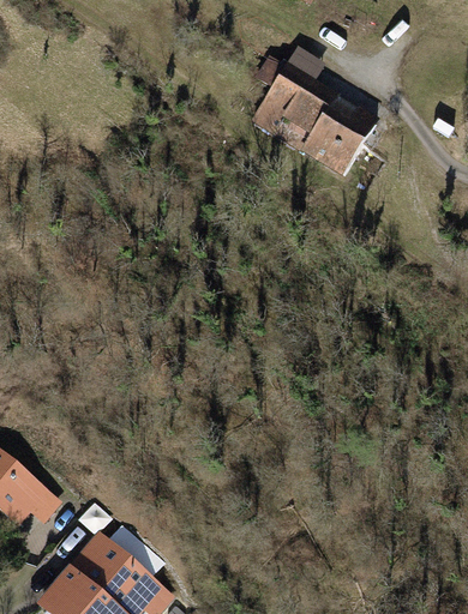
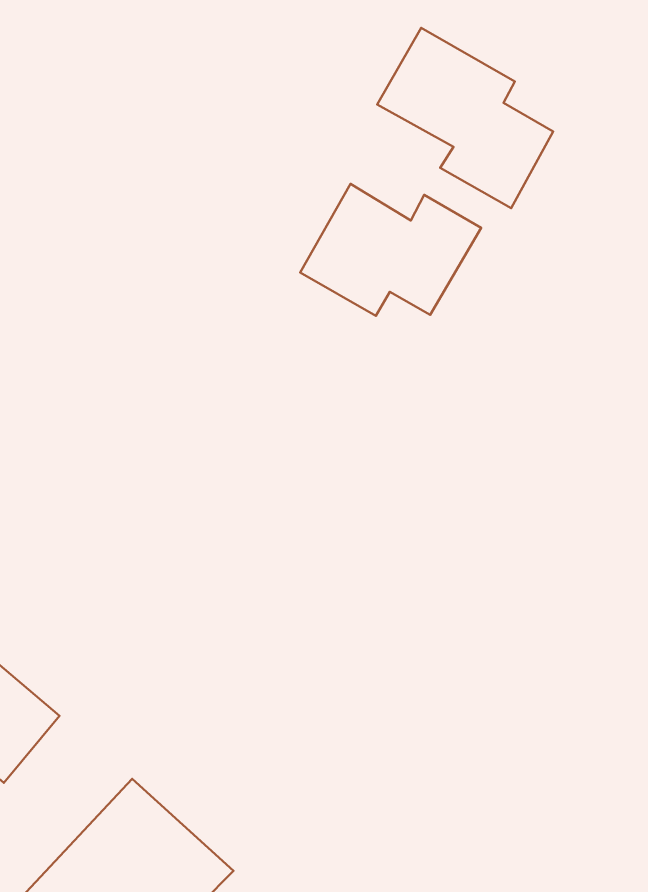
building: none -> [300,184,481,316]

